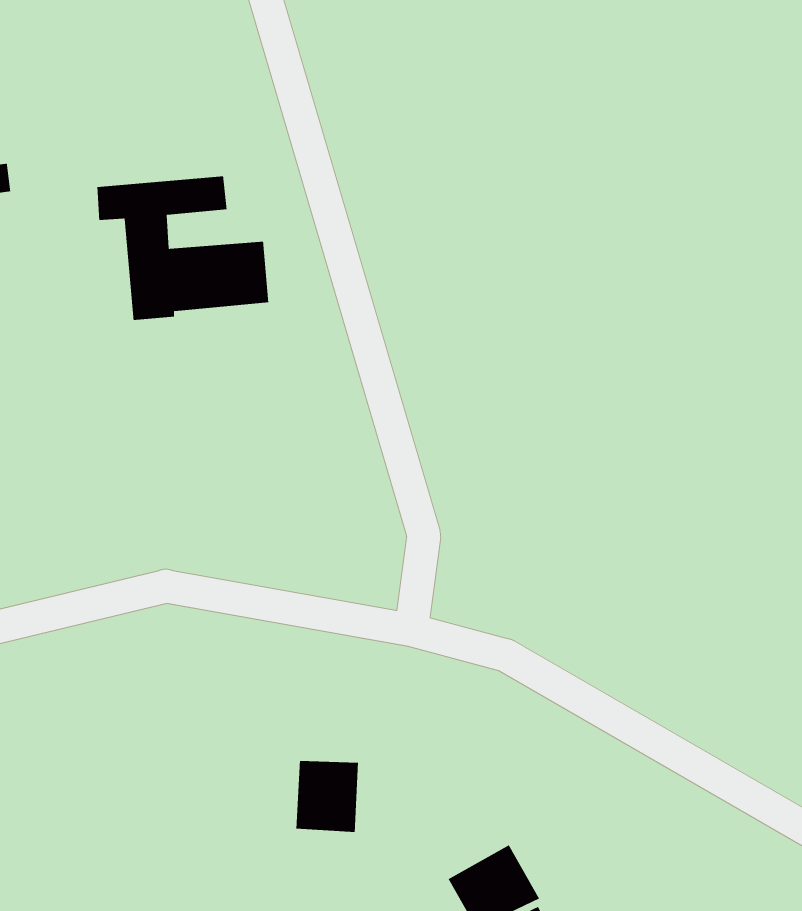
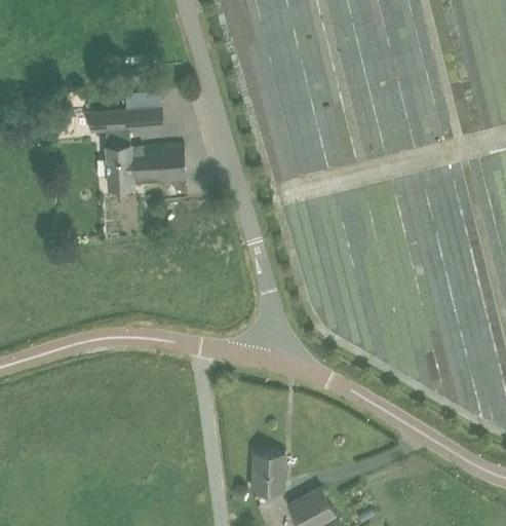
building: [295,760,359,833] -> [250,452,286,493]

